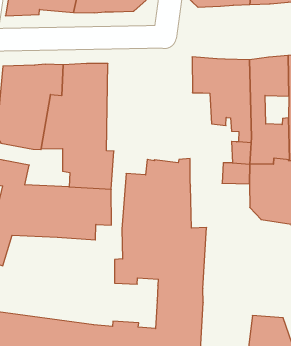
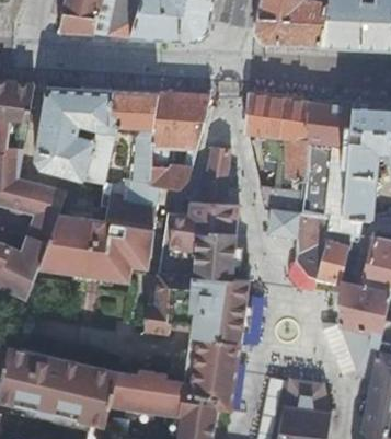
building: none -> [150,93,211,192]
building: none -> [200,149,232,207]

